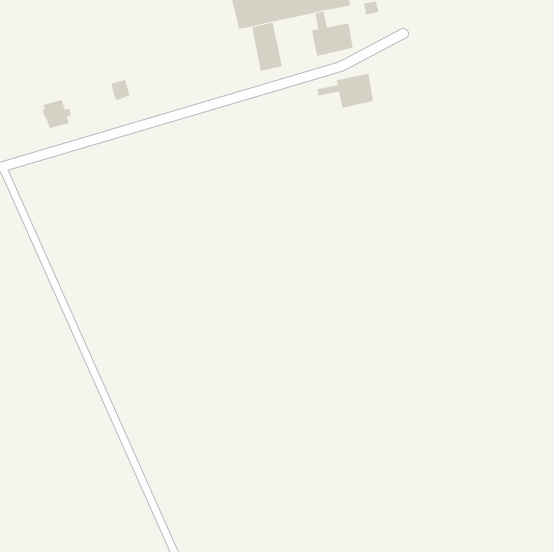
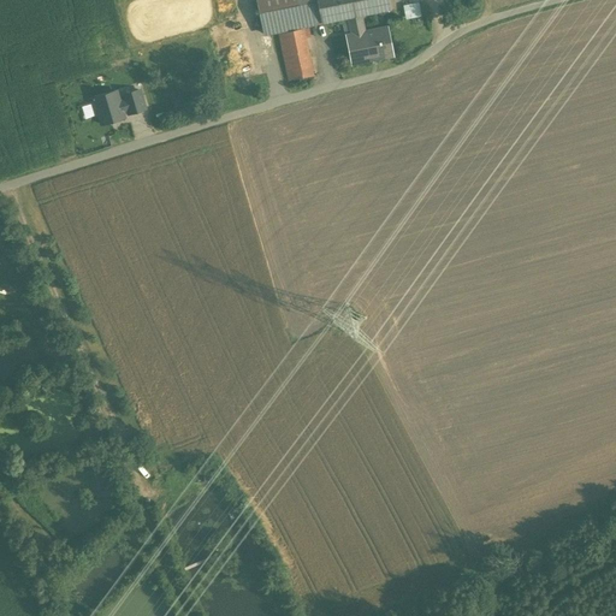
building: [317,73,373,109] -> none
building: [42,99,72,129] -> [93,89,126,122]

